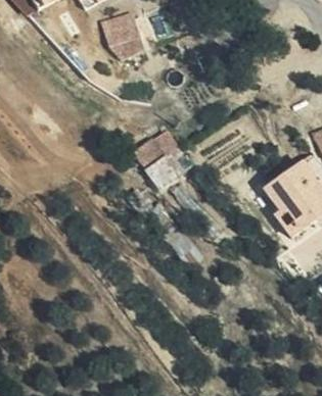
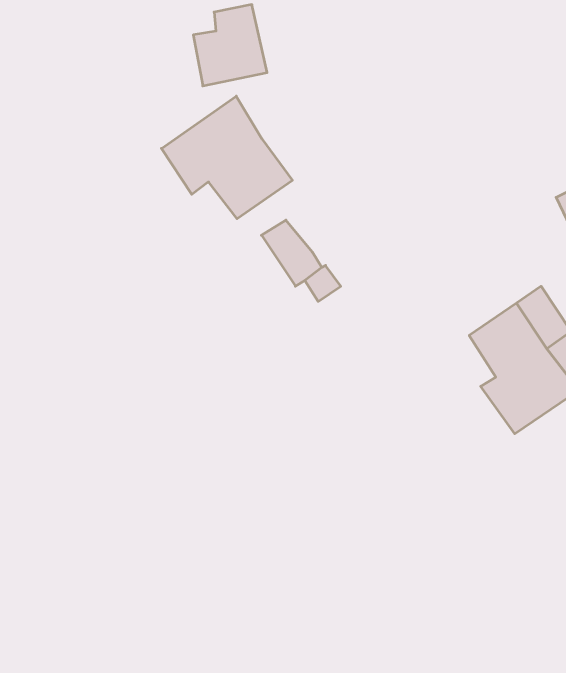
building: none -> [161,96,292,219]

